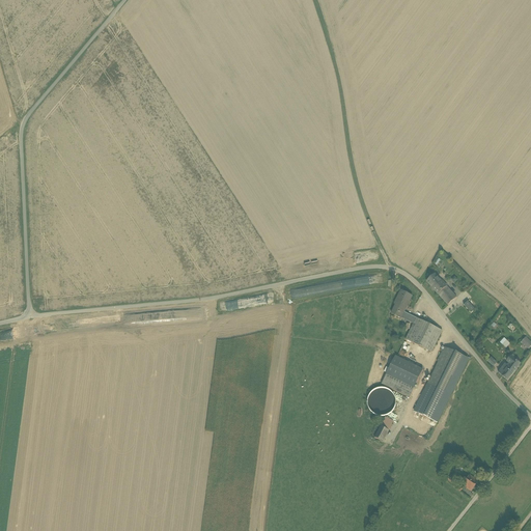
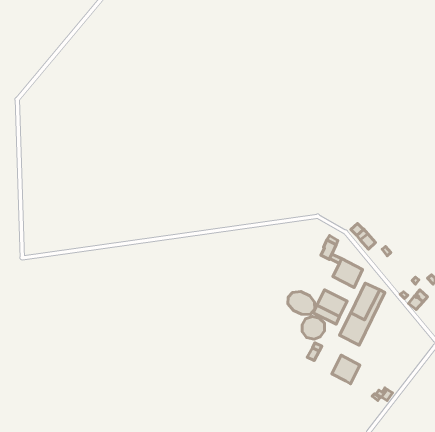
building: none -> [288,292,315,314]
building: none -> [332,355,360,384]

